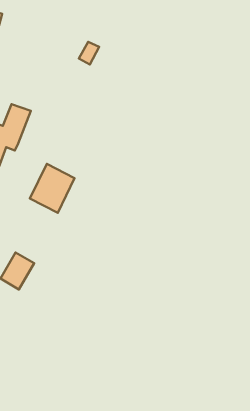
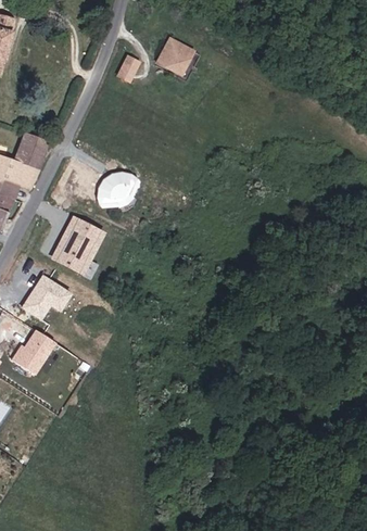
building: none -> [153,36,194,76]
building: none -> [100,173,136,205]
building: none -> [22,271,74,319]

